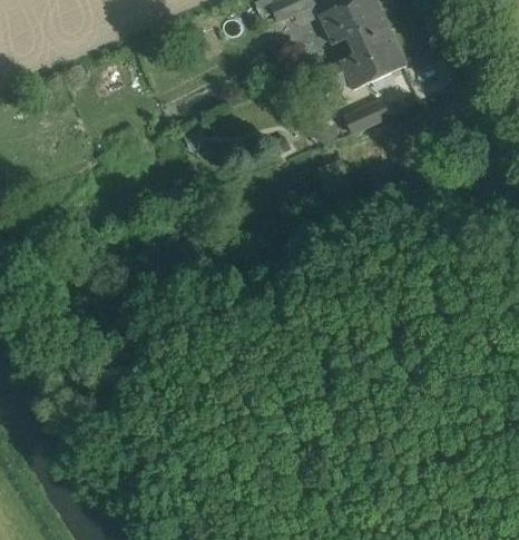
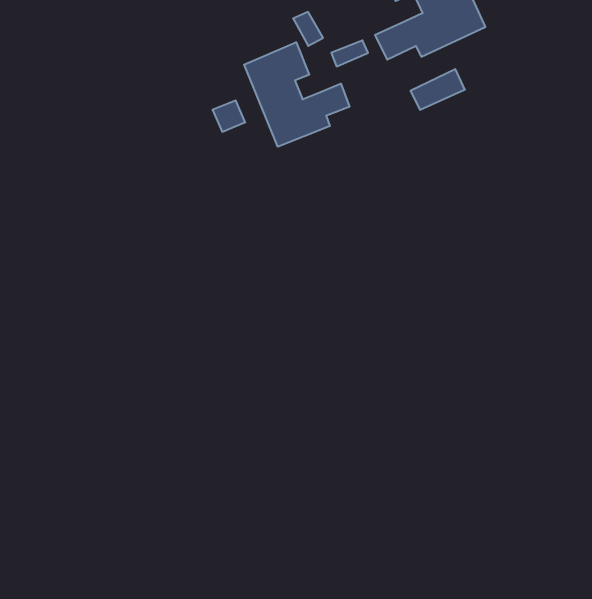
building: none -> [244,42,350,147]

